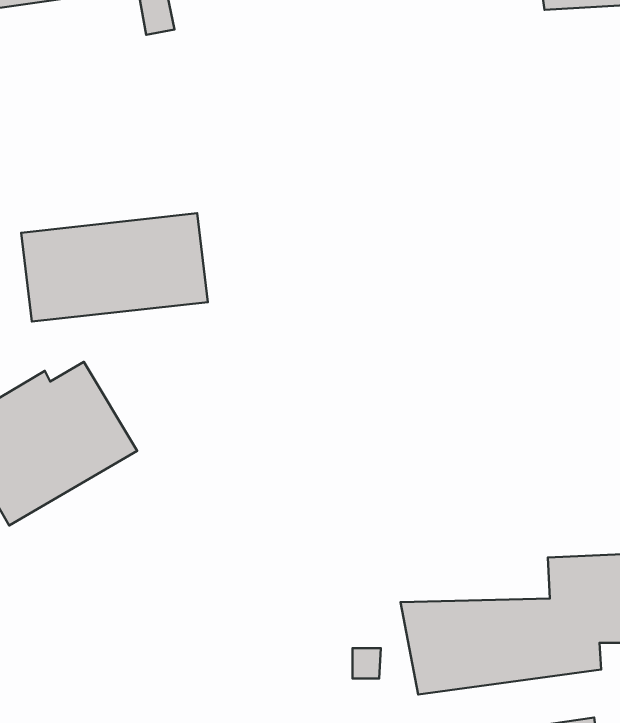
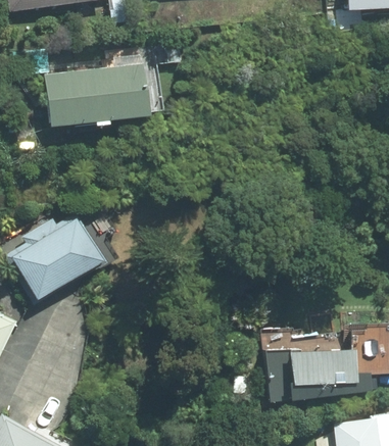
building: [21,213,208,322] -> [49,62,156,125]

